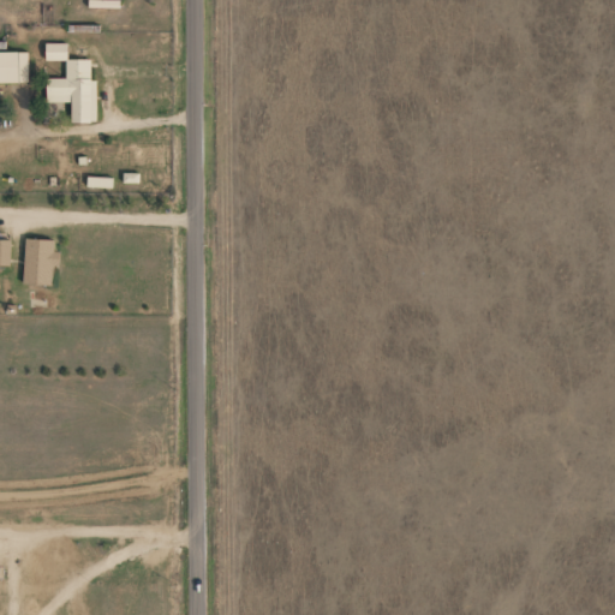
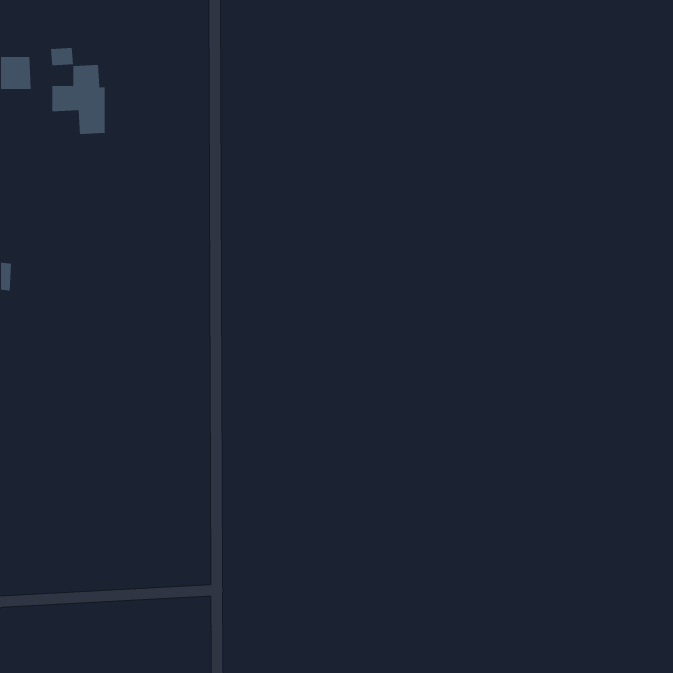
building: [24,239,54,286] -> none

